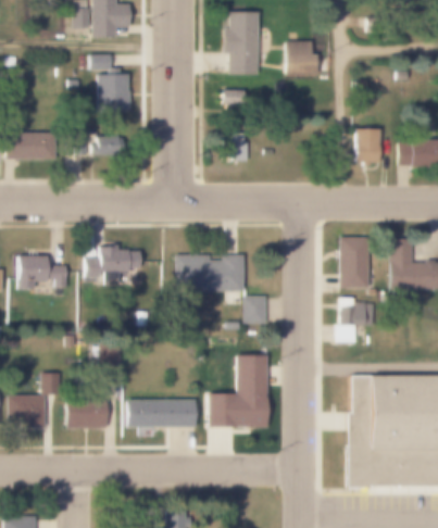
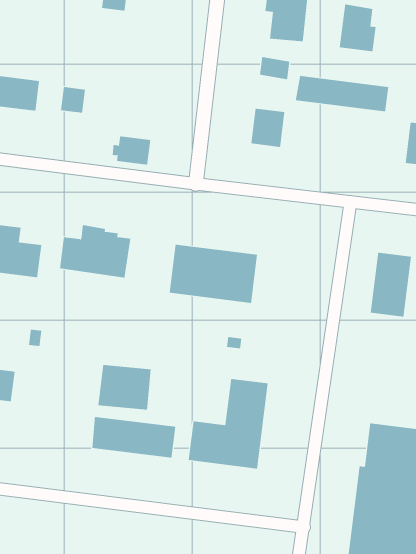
building: [100,74,132,111] -> none
building: none -> [295,75,389,112]
building: [93,137,124,158] -> [112,136,151,165]
building: [247,297,266,323] -> none
building: [338,298,366,342] -> none
building: [66,392,108,427] -> [97,364,152,410]

